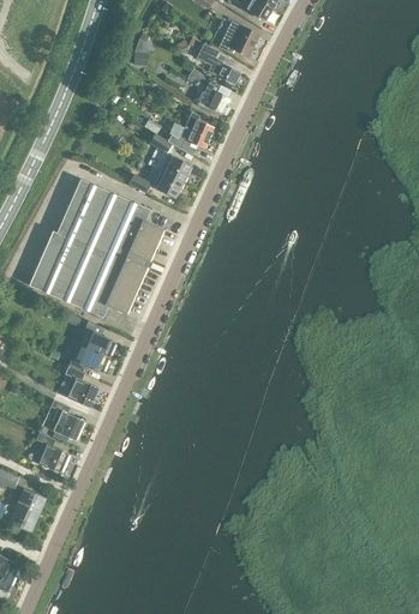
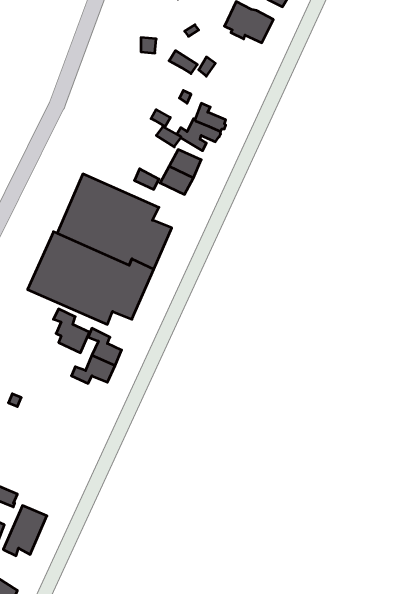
building: [193,42,239,85] -> none
building: [198,82,227,113] -> none
building: [64,366,97,407] -> [53,309,89,353]
building: [49,401,83,439] -> none
building: [35,434,68,472] -> none

